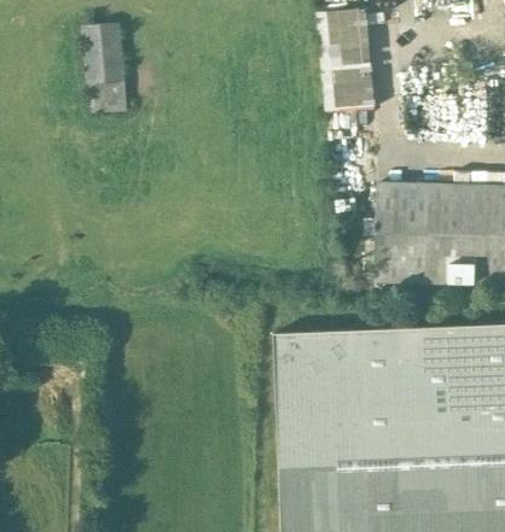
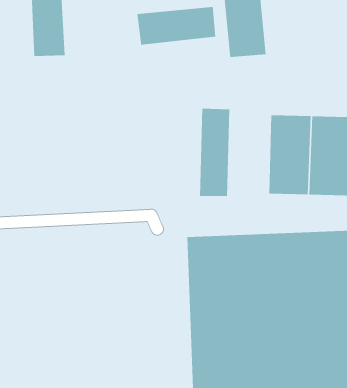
building: none -> [137,6,216,45]
building: none -> [200,108,230,197]

